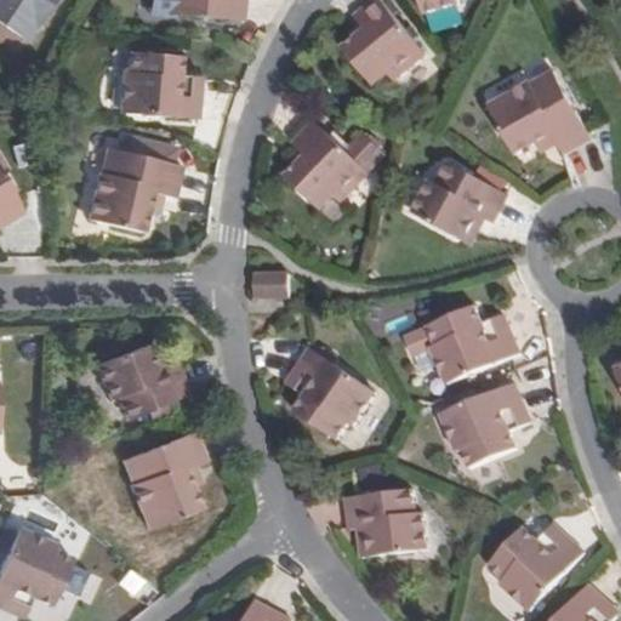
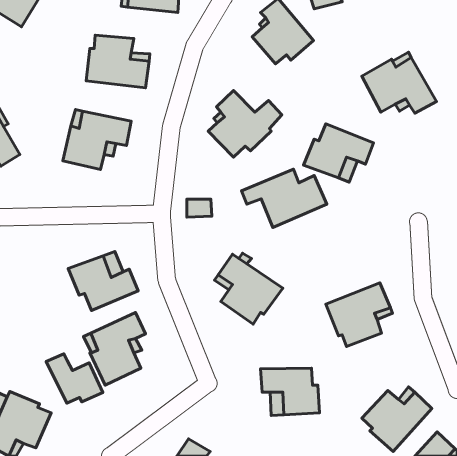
building: [404,306,519,384] -> [241,169,327,228]
building: none -> [46,354,103,403]

